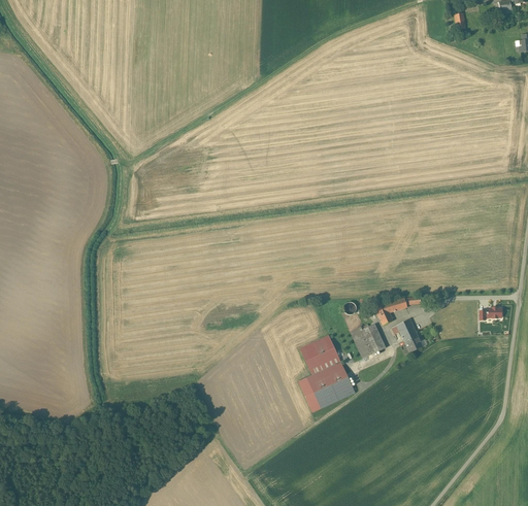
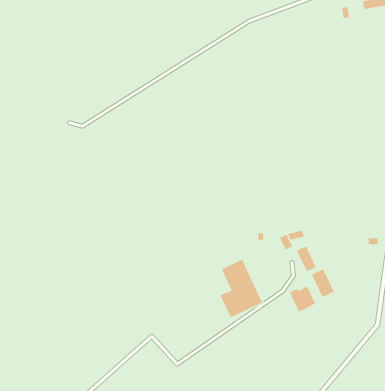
building: [350,324,385,359] -> [289,285,316,313]
building: none -> [311,268,335,298]

